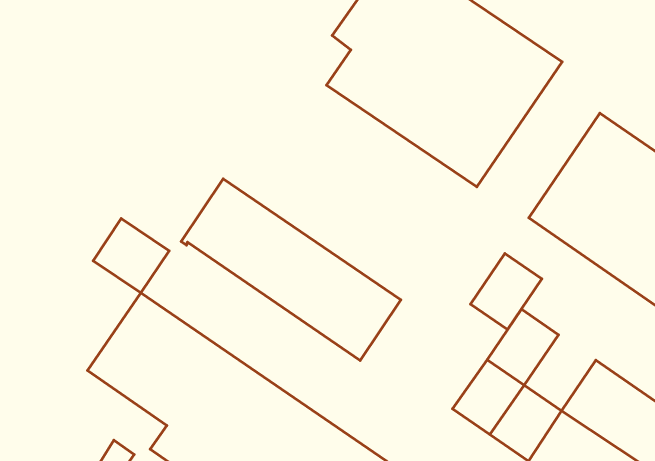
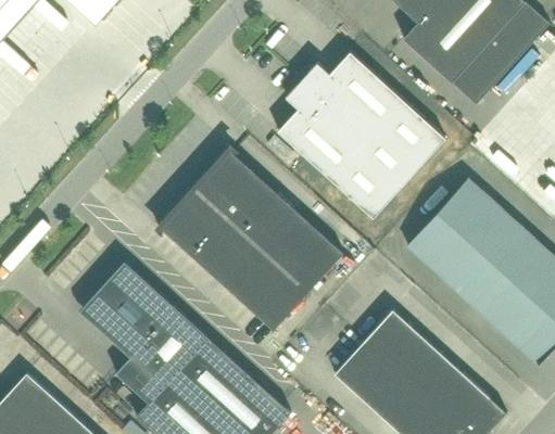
building: none -> [194,149,343,292]
building: [93,219,169,293] -> none
building: [470,253,542,330] -> [388,332,441,386]

